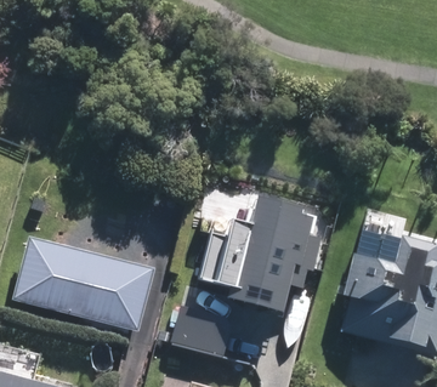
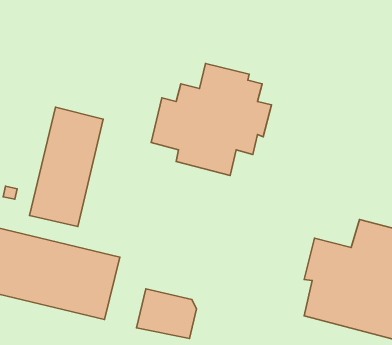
building: none -> [30,107,103,226]
building: [198,192,322,307] -> [151,64,272,176]

